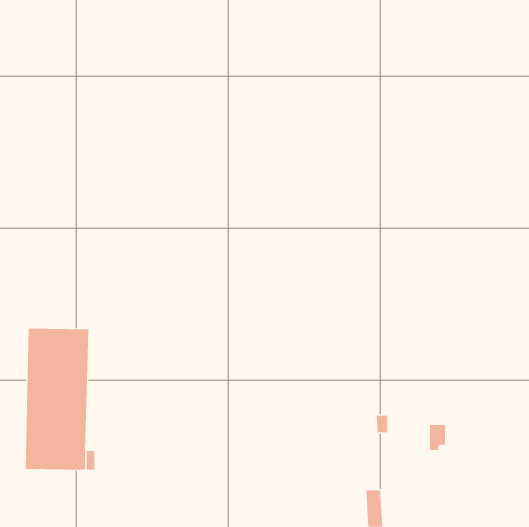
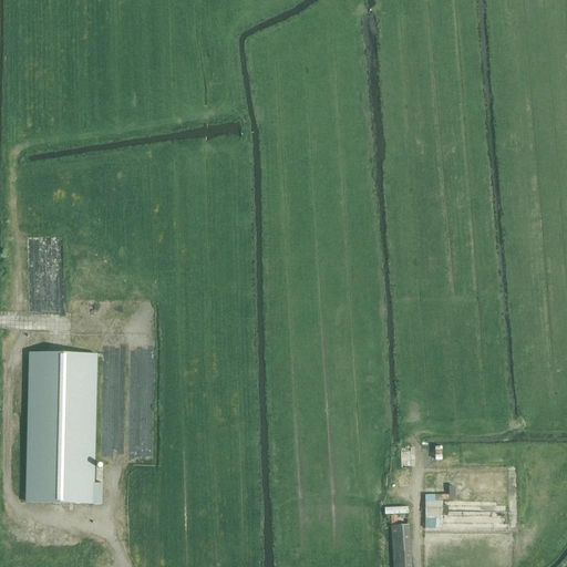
building: [429,425,446,450] -> [425,499,443,527]

